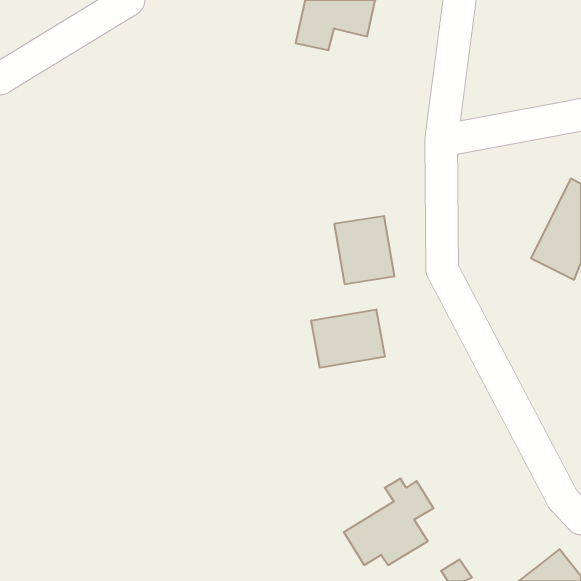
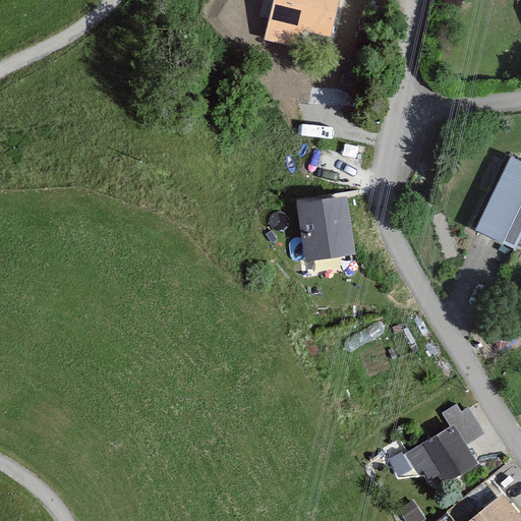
building: [311,309,385,368] -> none
building: [344,479,434,565] -> [403,406,483,483]

